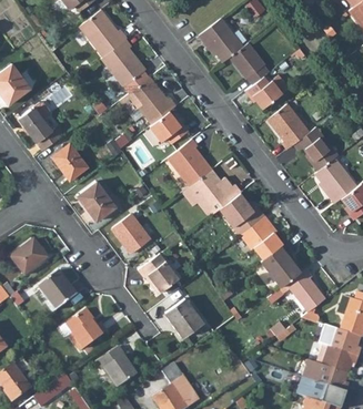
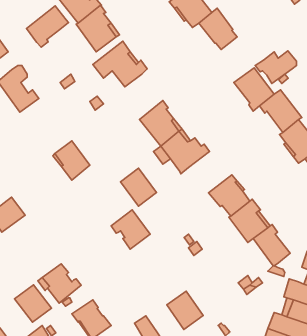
building: none -> [26,6,69,47]
building: [244,74,288,109] -> [255,51,296,84]
building: [150,110,189,143] -> none
building: [52,143,88,180] -> none
building: [219,191,264,234] -> none
building: [112,213,150,253] -> [120,168,157,206]
building: [38,270,77,309] -> [14,285,51,322]
building: [165,297,203,337] -> [167,291,203,329]

